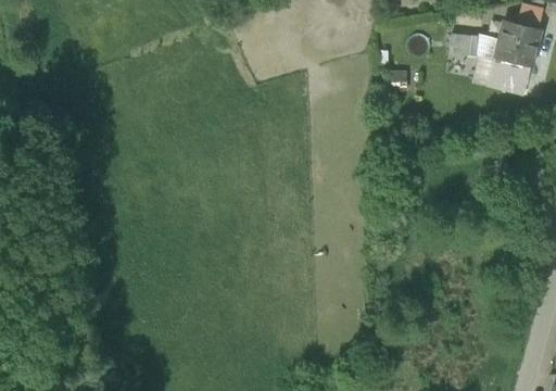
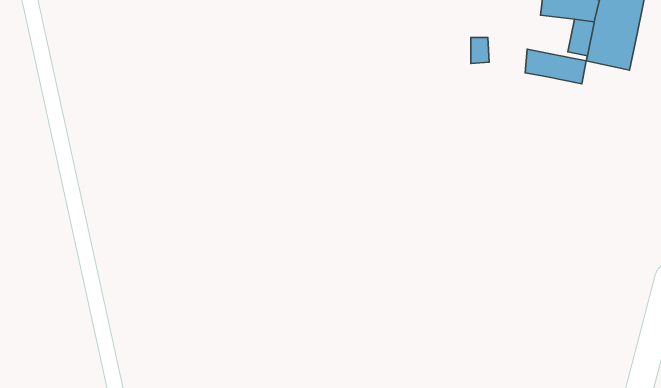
building: none -> [525,49,586,84]

